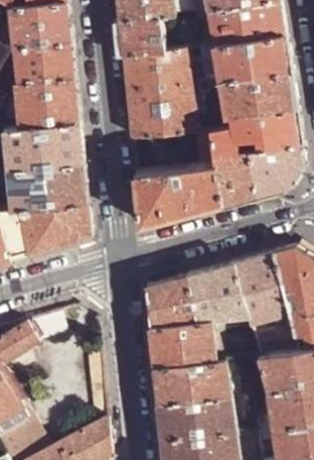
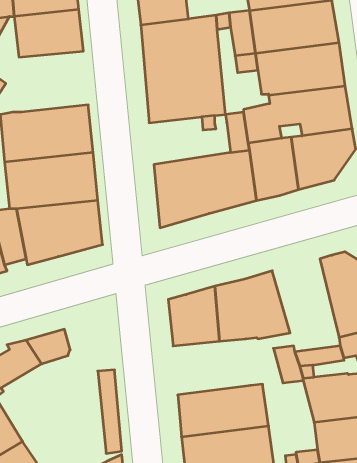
building: [16,78,77,129] -> none
building: [232,253,286,318] -> none
building: [149,321,214,368] -> none

